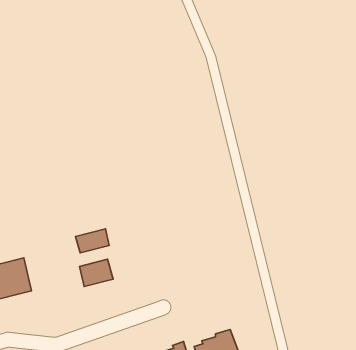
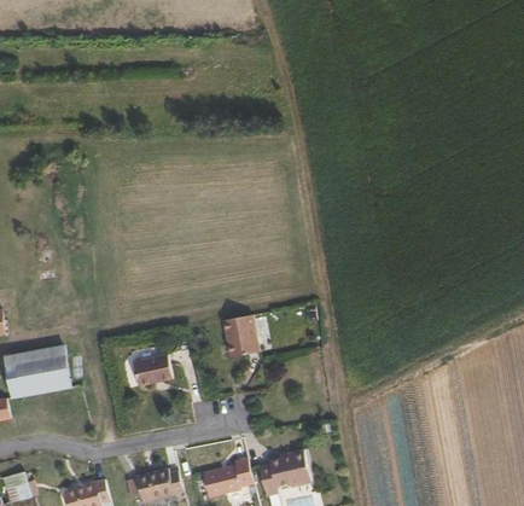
building: none -> [221,315,256,356]
building: [76,229,109,253] -> none

